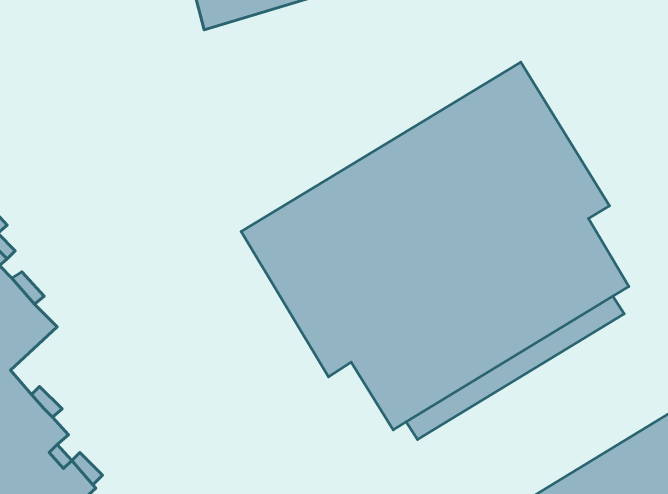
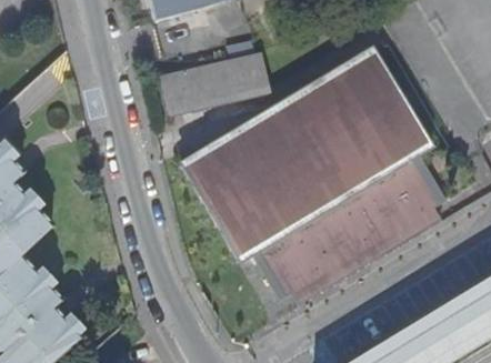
building: none -> [163,53,272,113]

